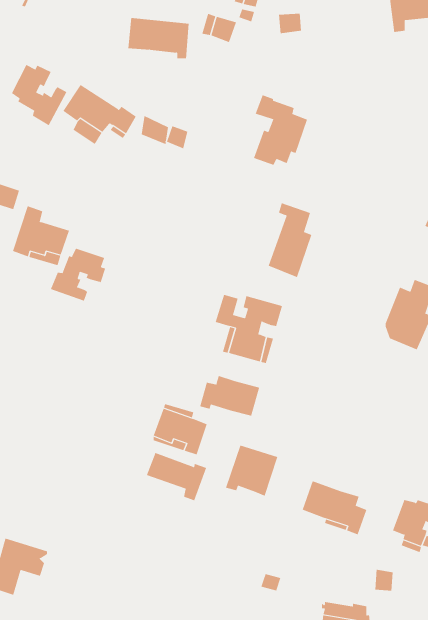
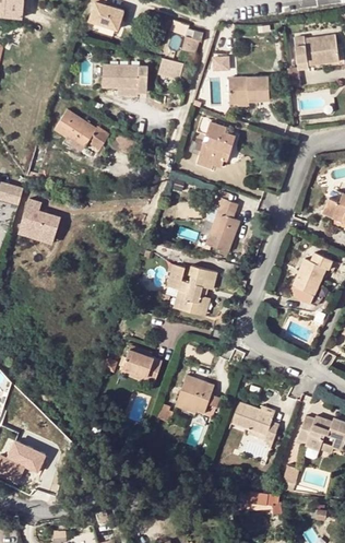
building: none -> [228,75,270,102]
building: [11,64,67,126] -> none
building: [50,248,106,302] -> none
building: [199,375,260,416] -> none
building: [146,452,207,501] -> none

